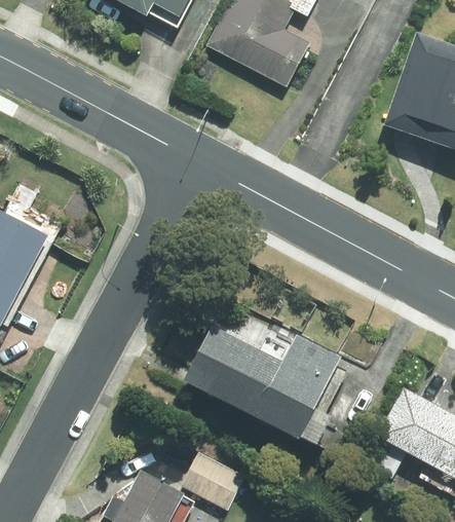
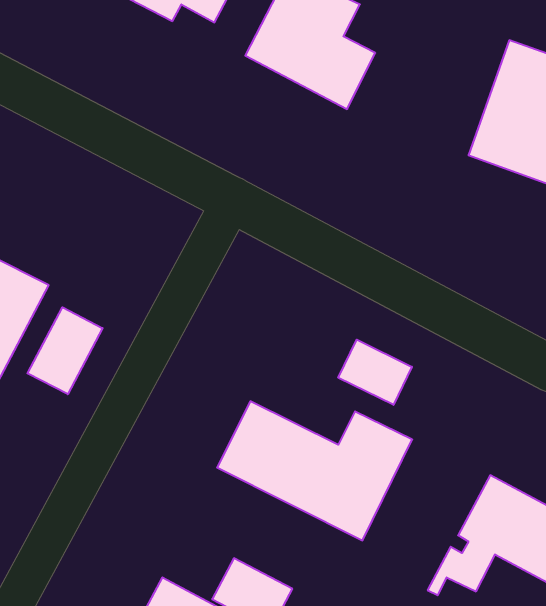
building: none -> [27,307,103,394]
building: none -> [338,340,412,405]

